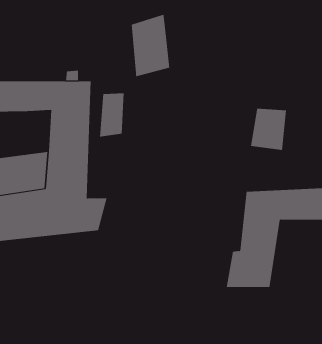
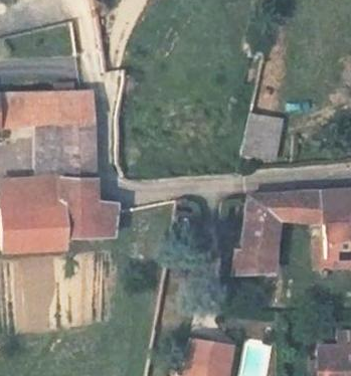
building: [131,14,170,77] -> none
building: [99,93,125,137] -> [38,119,62,161]

